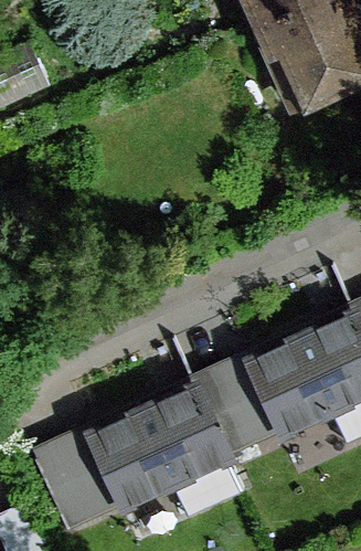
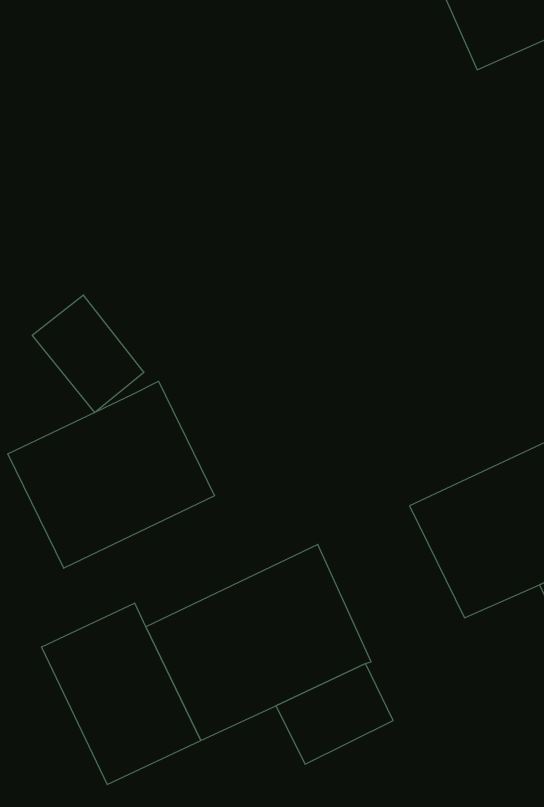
building: none -> [8,381,215,568]
building: [192,347,286,455] -> none

